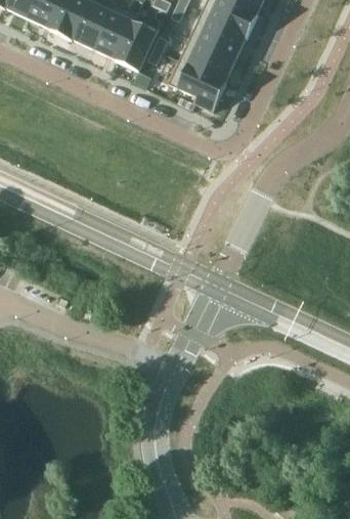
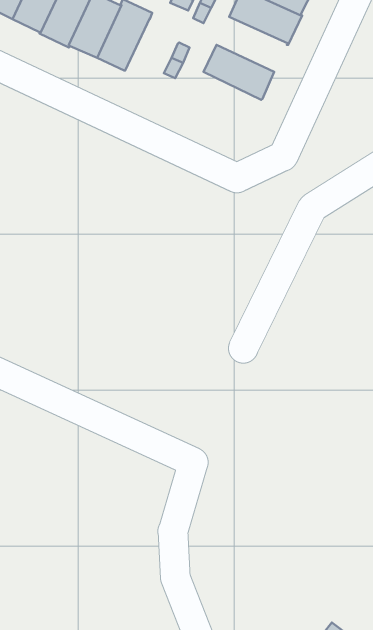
building: [190,15,248,59] -> none
building: [116,16,160,71] -> none
building: [169,59,228,111] -> none

